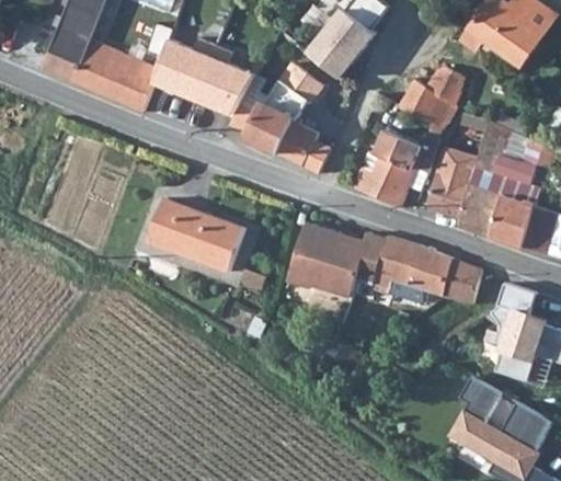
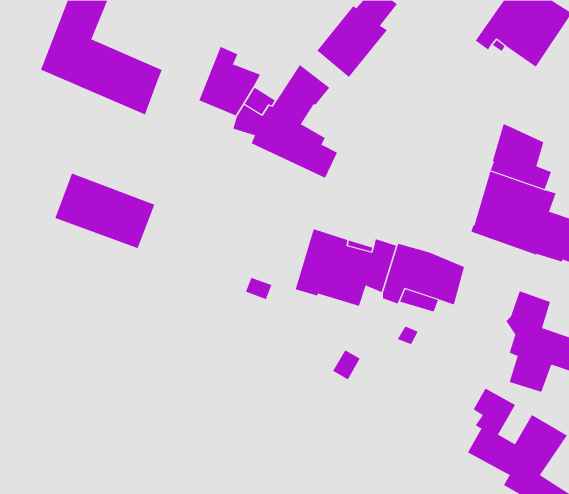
building: [153,37,215,98] -> none
building: [398,66,463,127] -> none
building: [352,129,438,206] -> none
building: [424,147,479,218] -> none
building: [147,197,244,271] -> [54,173,155,249]
building: [442,259,480,304] -> none

